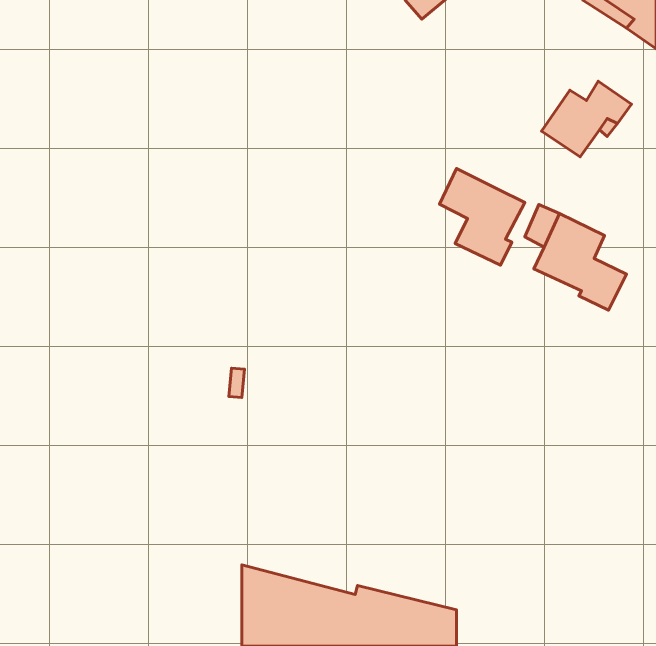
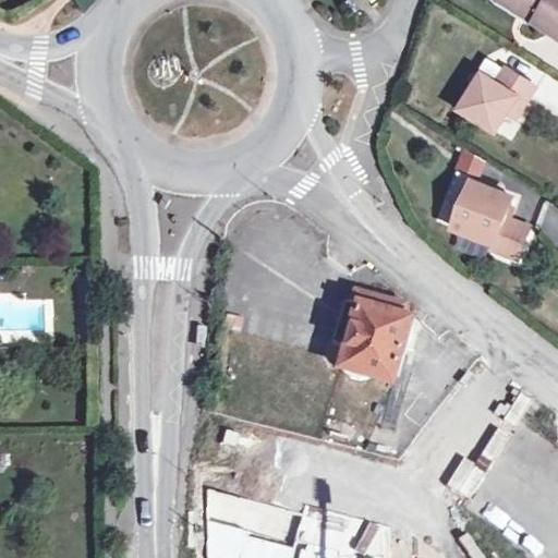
building: [439,169,525,265] -> none
building: none -> [338,296,412,386]

